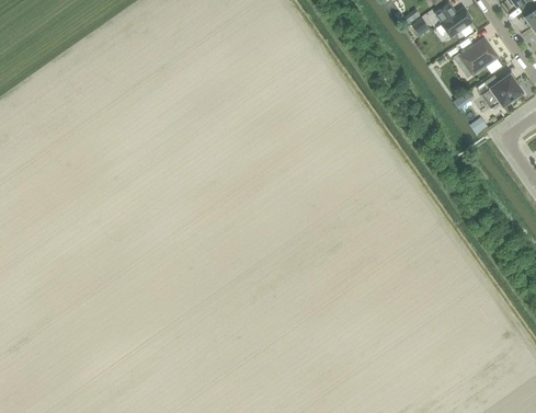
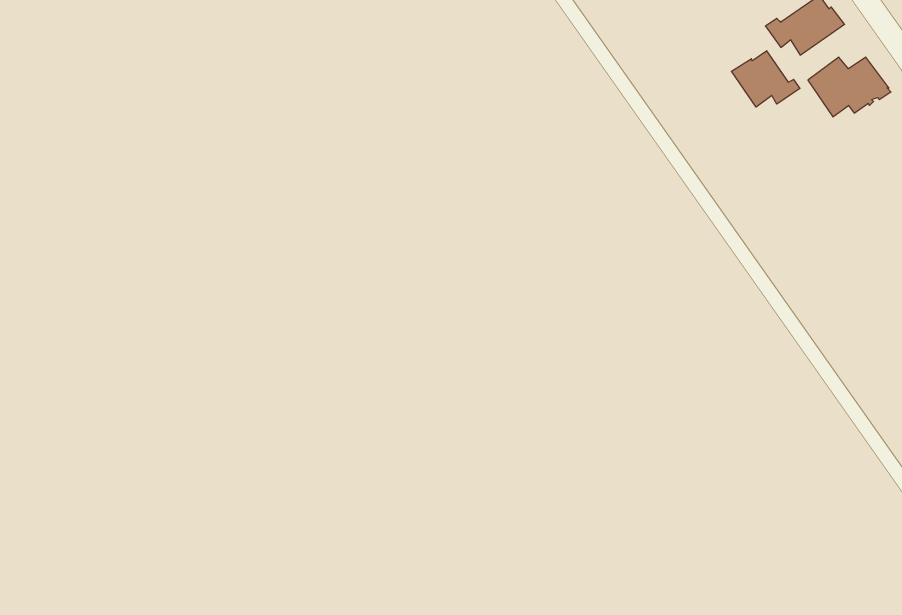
building: none -> [731,51,800,107]

